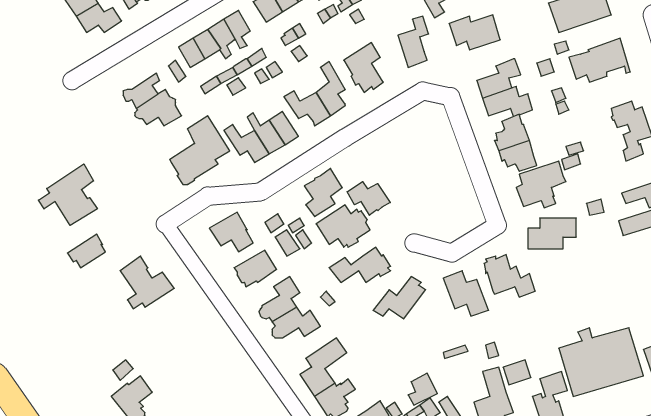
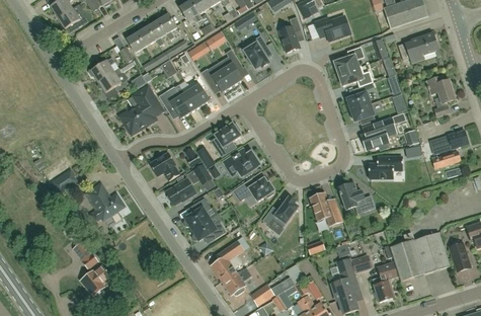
building: [38,164,97,225] -> none
building: [347,182,390,215] -> none

